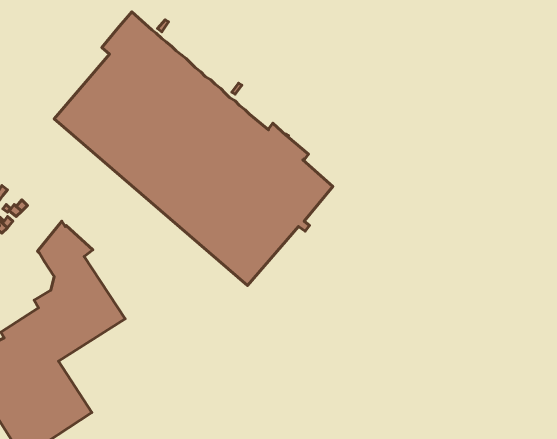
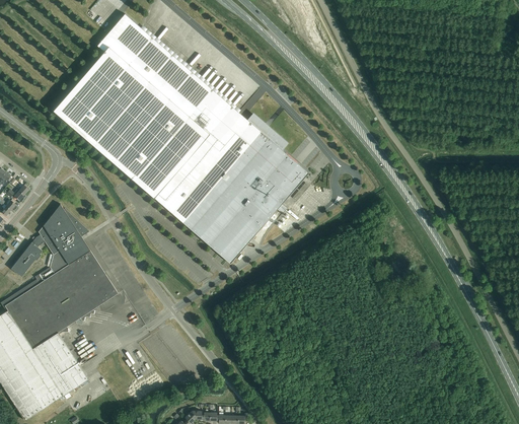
building: none -> [9,233,44,277]

